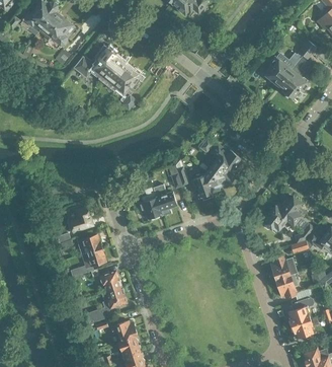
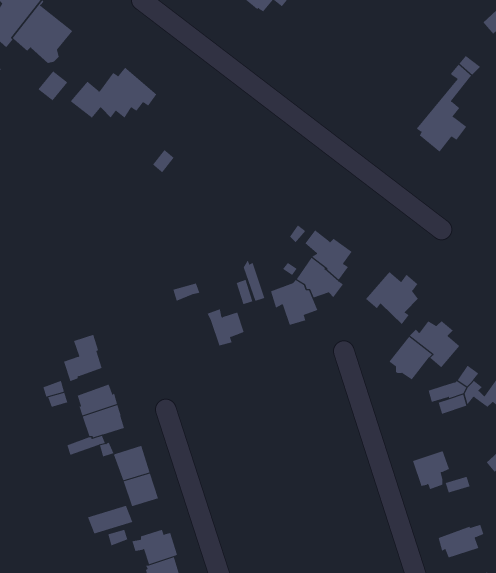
building: [265,52,303,83] -> none
building: [106,63,141,93] -> none
building: none -> [365,271,419,325]
building: [139,188,162,218] -> none
building: [271,255,298,280] -> none
building: [288,297,314,325] -> none

